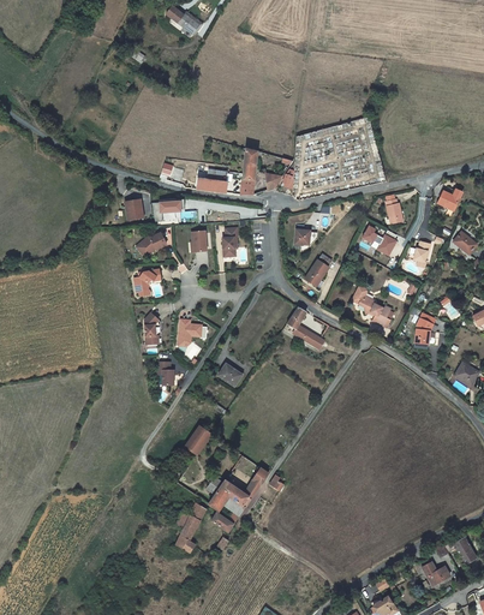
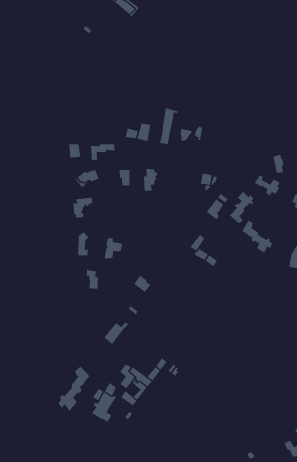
building: none -> [229,191,254,224]
building: none -> [58,366,90,411]

